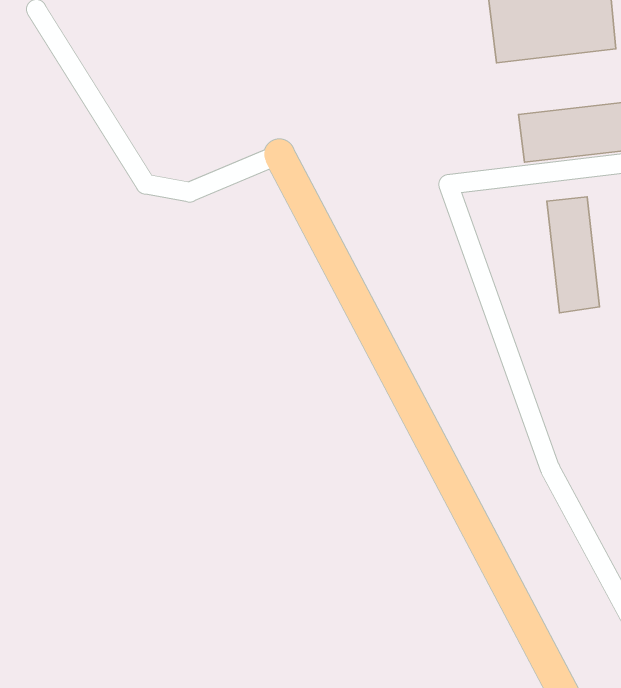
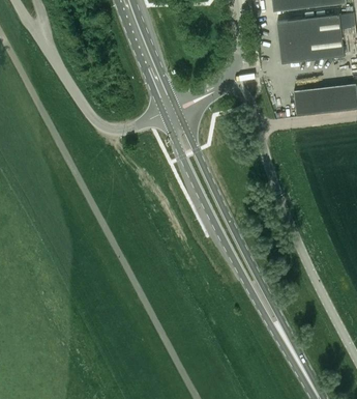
building: [547,197,600,313] -> none

